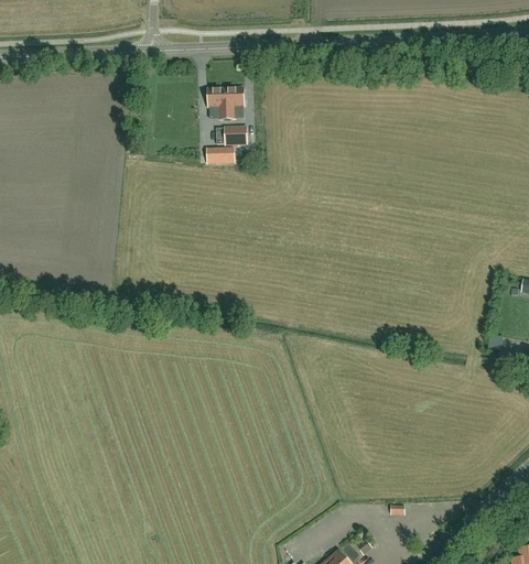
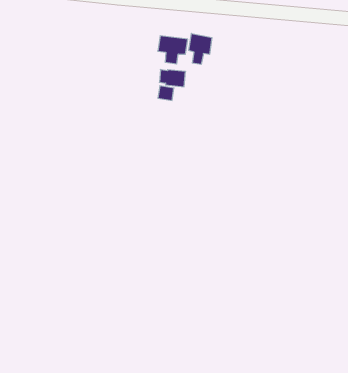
building: none -> [189,33,212,64]

